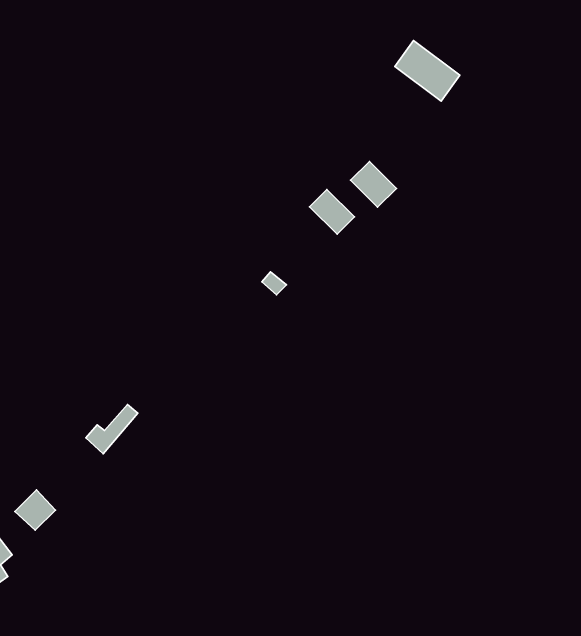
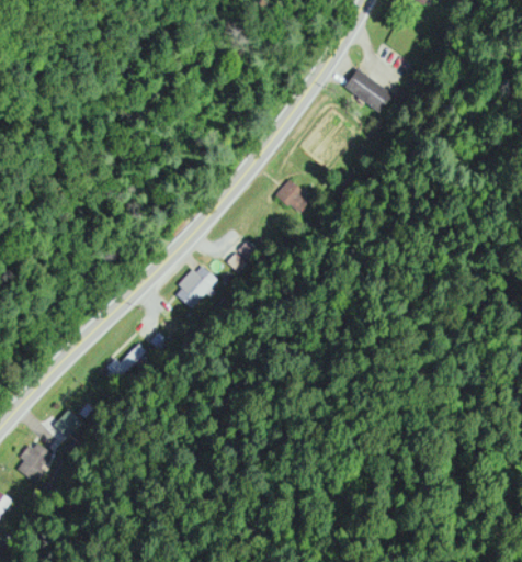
building: [351,161,396,207] -> none
building: none -> [177,266,218,310]

